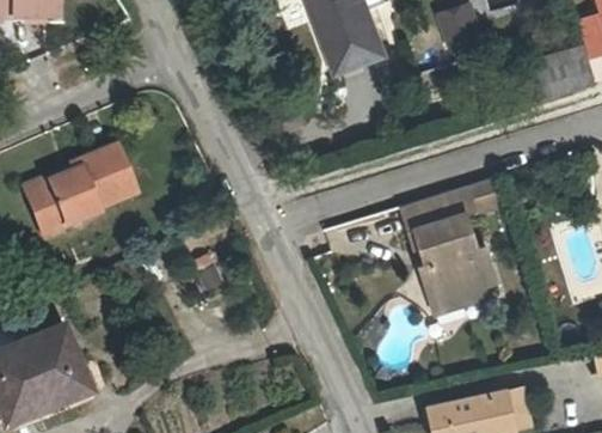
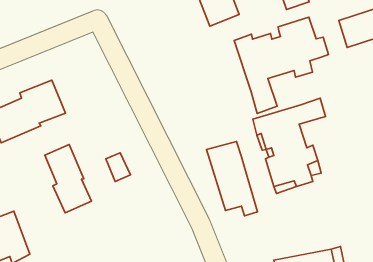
building: none -> [234,17,329,113]
building: none -> [207,142,258,216]
building: none -> [45,145,92,213]

